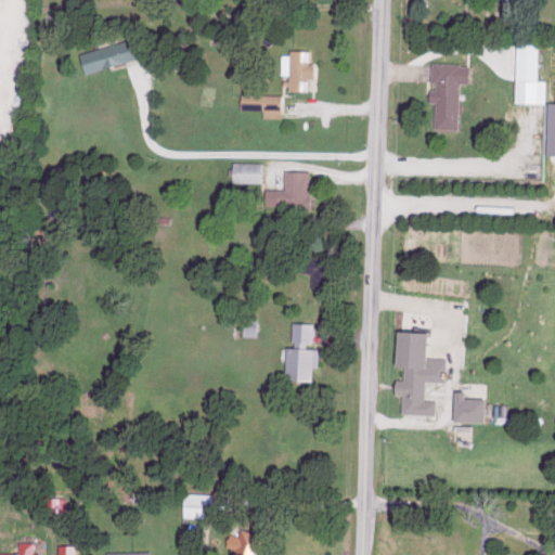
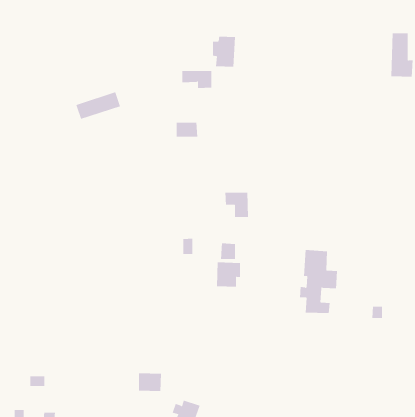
building: [79,39,139,76] -> [76,92,121,119]
building: [430,65,469,132] -> none
building: [268,172,308,209] -> none
building: [457,393,489,425] -> none

